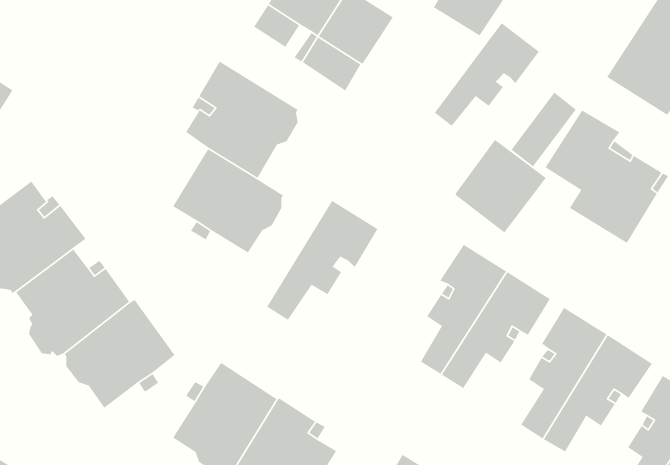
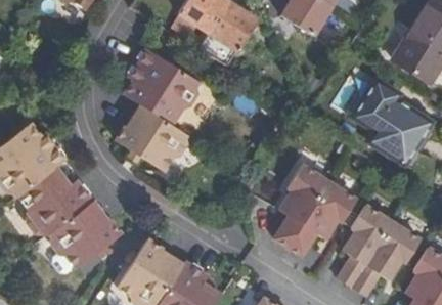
building: [434,22,540,127] -> none
building: [454,139,547,233] -> none
building: [266,200,378,321] -> none

